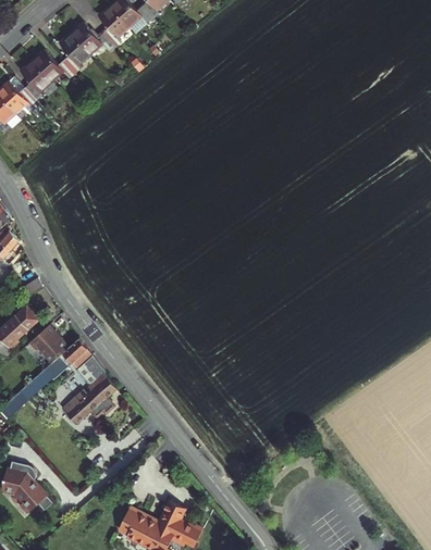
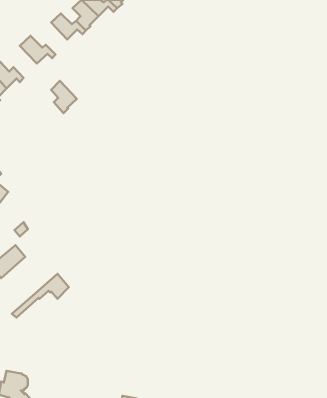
building: [59,35,89,74] -> none
building: [21,63,52,102] -> [51,81,77,113]
building: [27,327,67,365] -> none
building: [64,358,115,425] -> none

